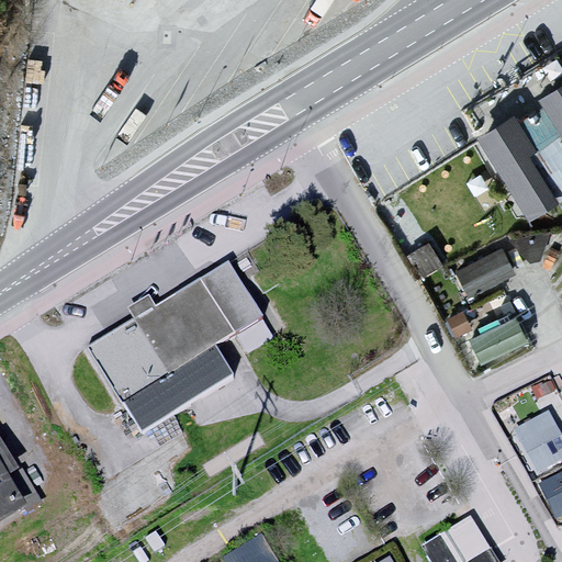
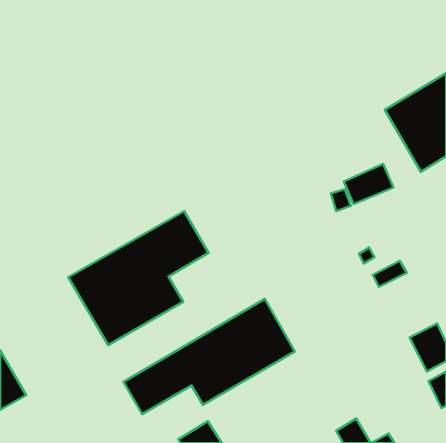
building: [457,239,519,290] -> [344,164,394,204]
building: none -> [123,299,295,414]

